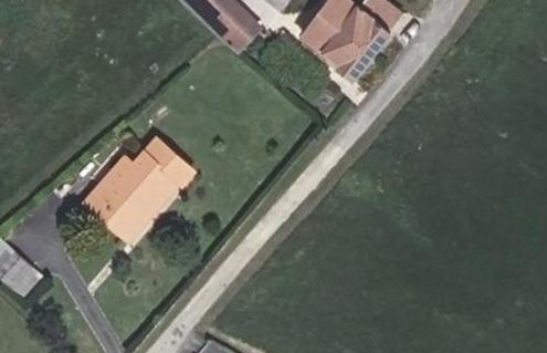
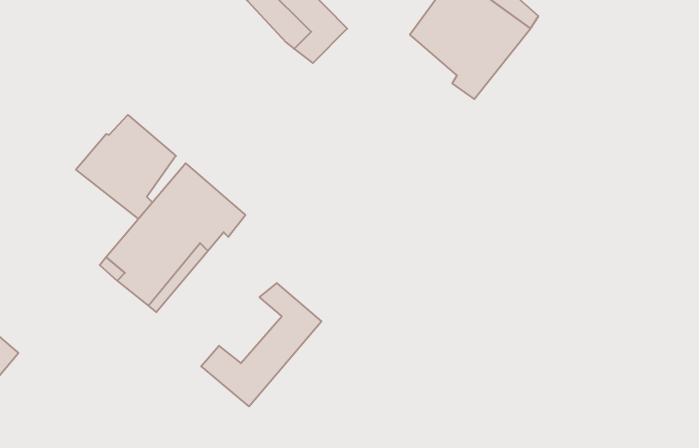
building: none -> [76,115,176,219]
building: none -> [201,283,321,406]

